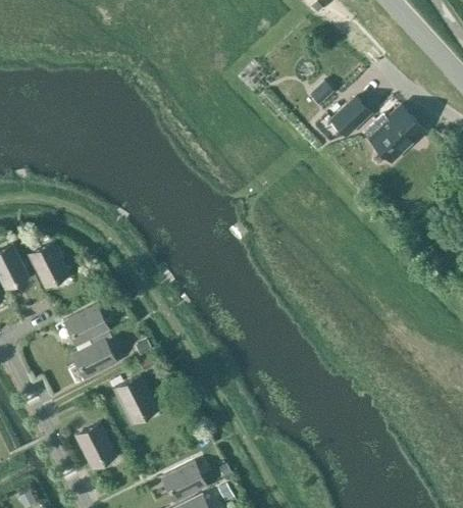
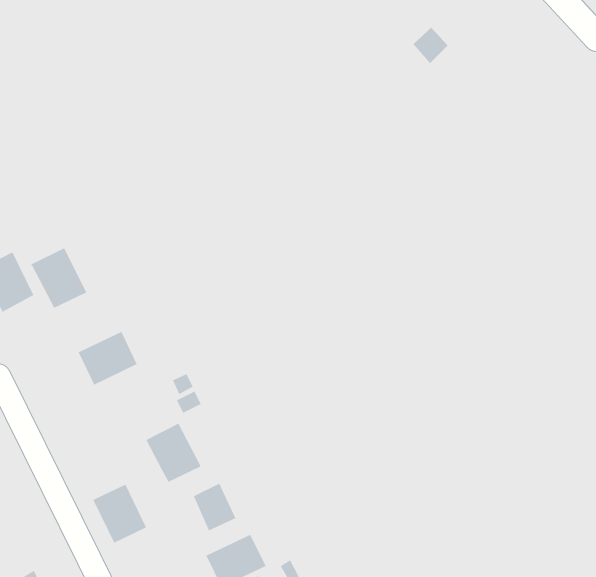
building: [330,98,368,136] -> none
building: [363,105,423,161] -> none
building: [70,337,120,380] -> none
building: none -> [193,483,236,532]

